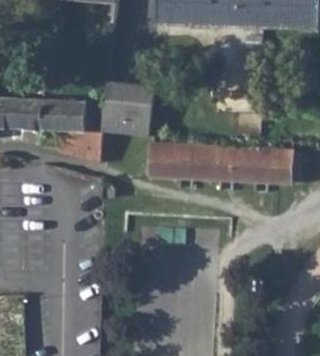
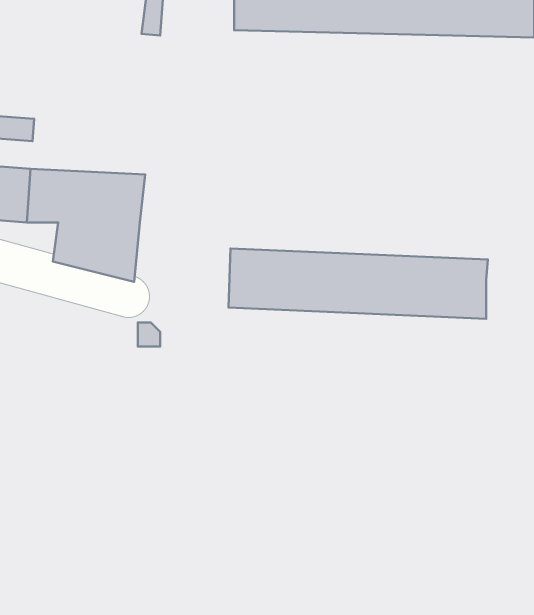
building: [102,82,153,134] -> none

